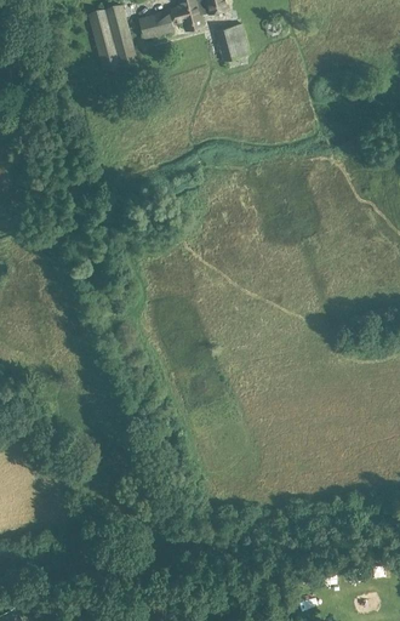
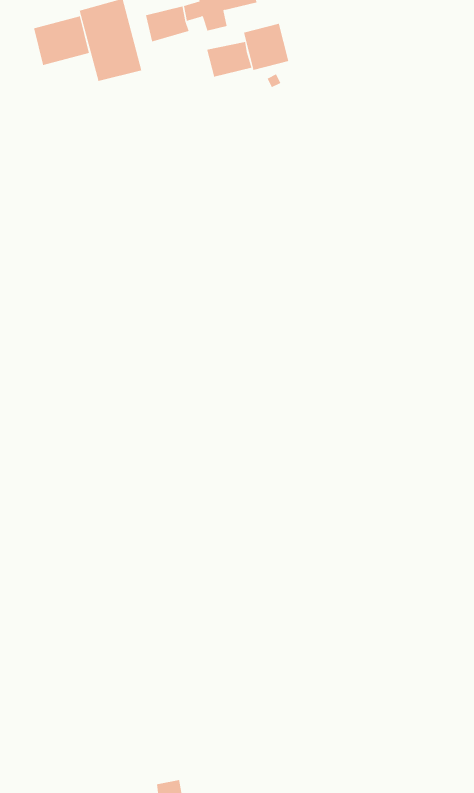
building: none -> [33,16,90,66]
building: none -> [207,41,252,78]

